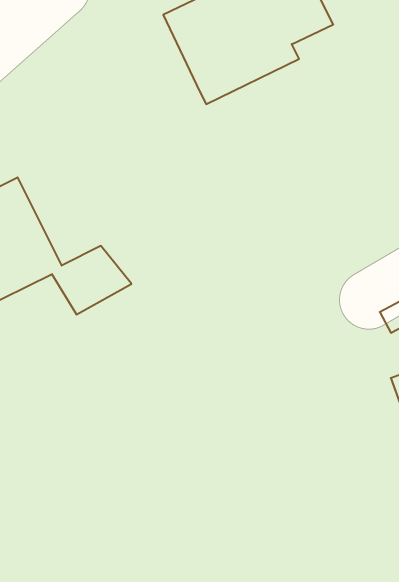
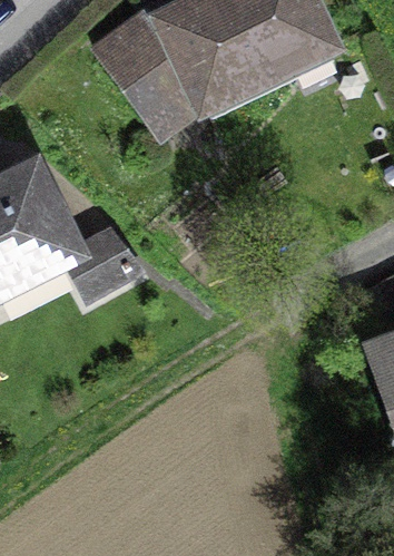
building: none -> [98,23,199,127]

